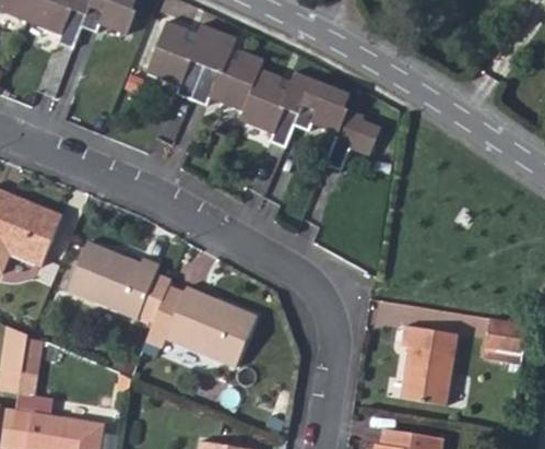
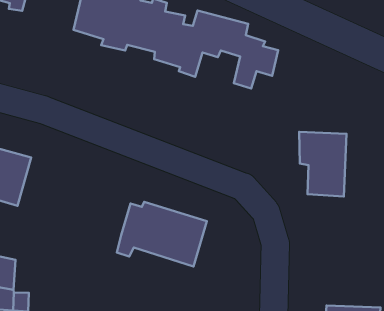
building: [67,241,173,319] -> none
building: [402,324,461,406] -> [299,132,347,196]

